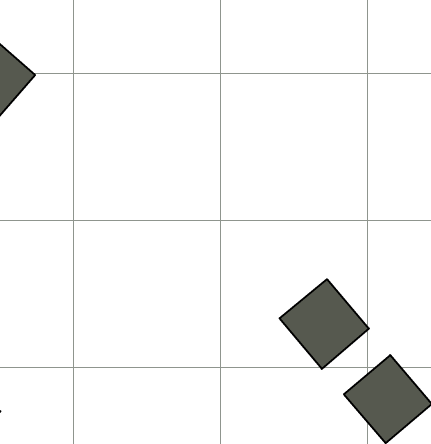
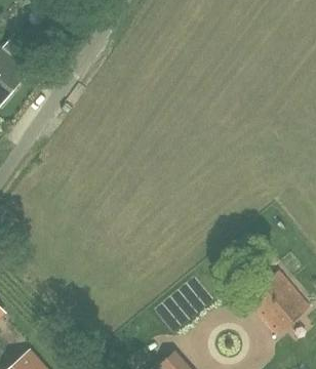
building: [280,279,369,369] -> none

